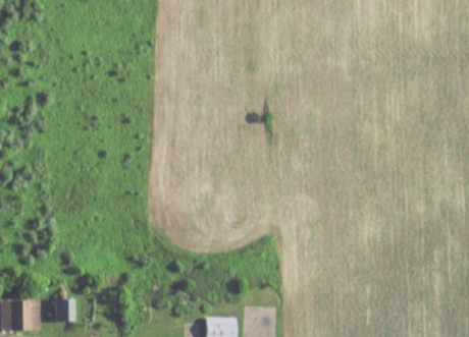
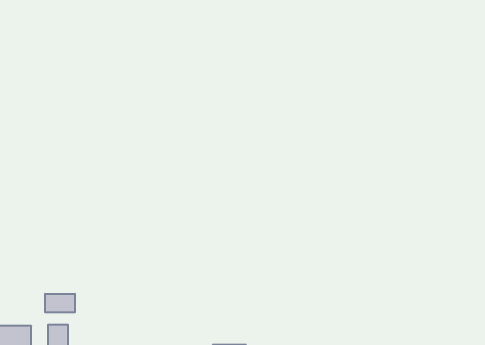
building: none -> [45,294,75,312]

